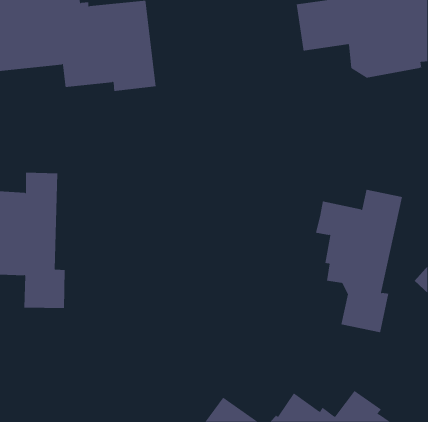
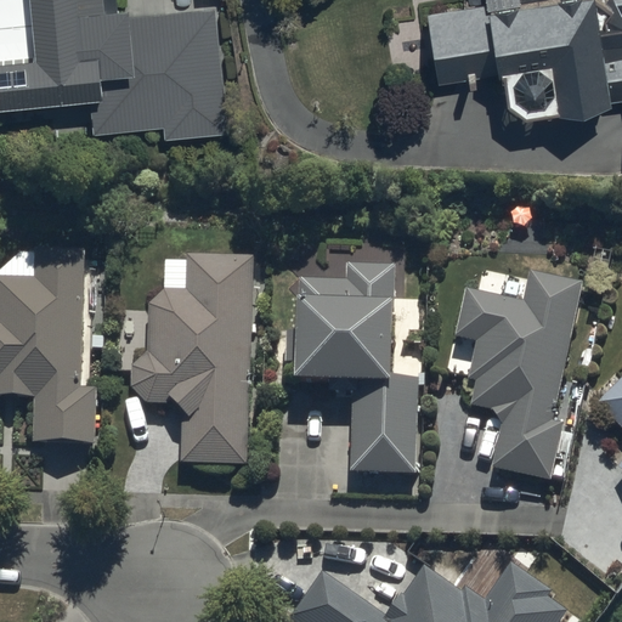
building: none -> [131,258,253,465]
building: none -> [287,265,418,474]

